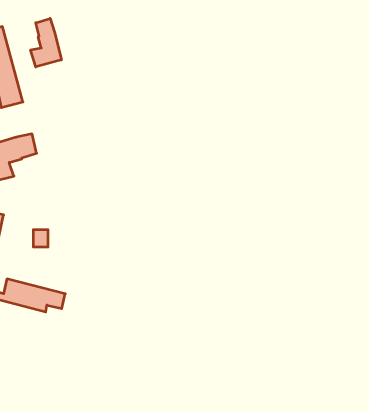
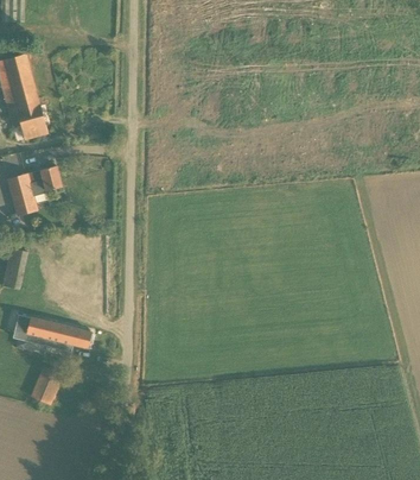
building: [31,18,61,67] -> none
building: none -> [32,370,61,404]

